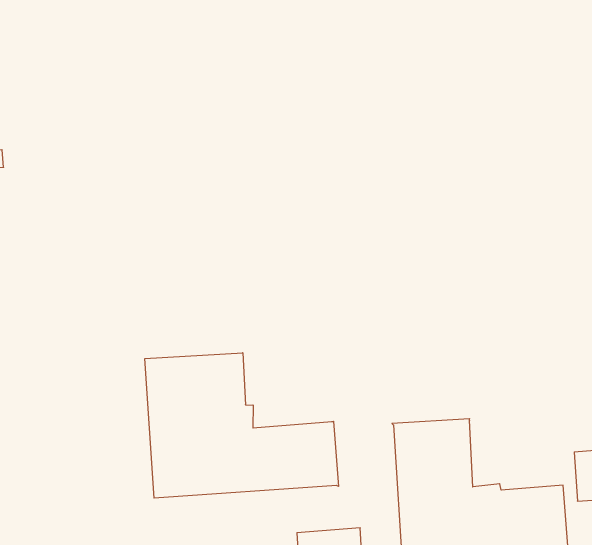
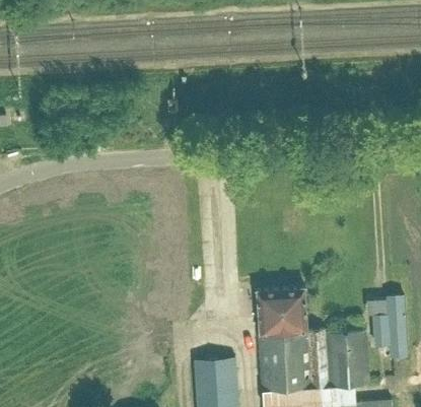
building: [145,353,338,498] -> none

